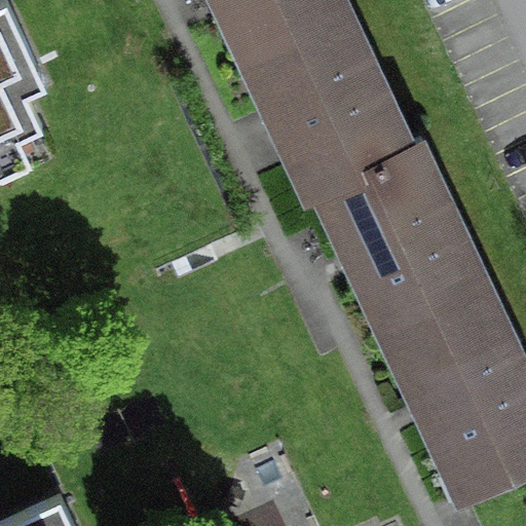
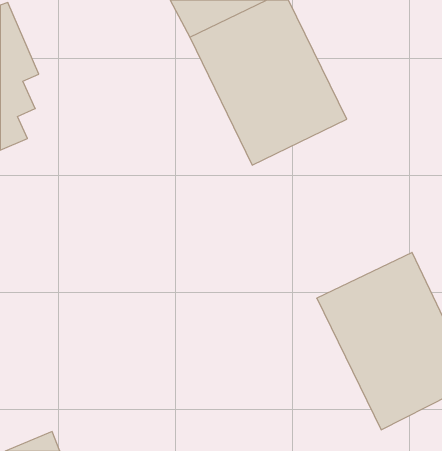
building: [304,139,490,347] -> none

